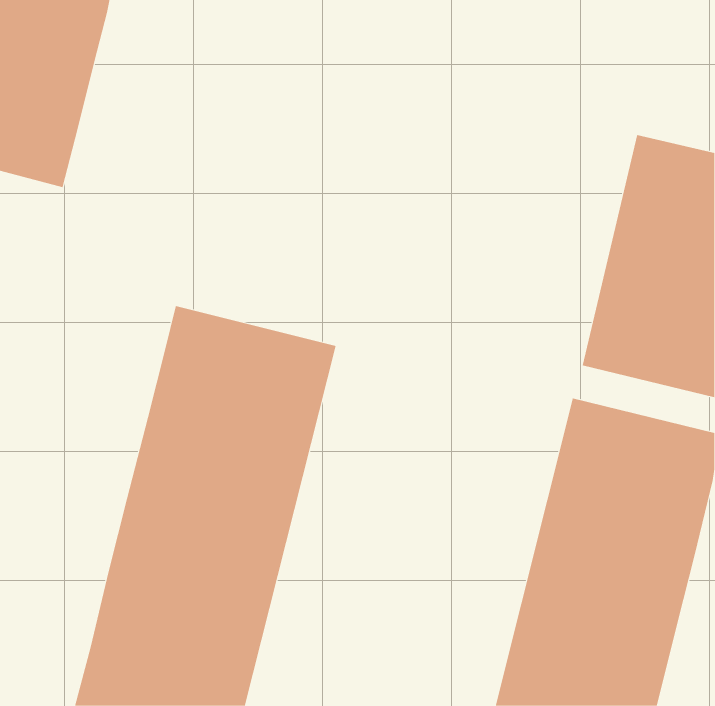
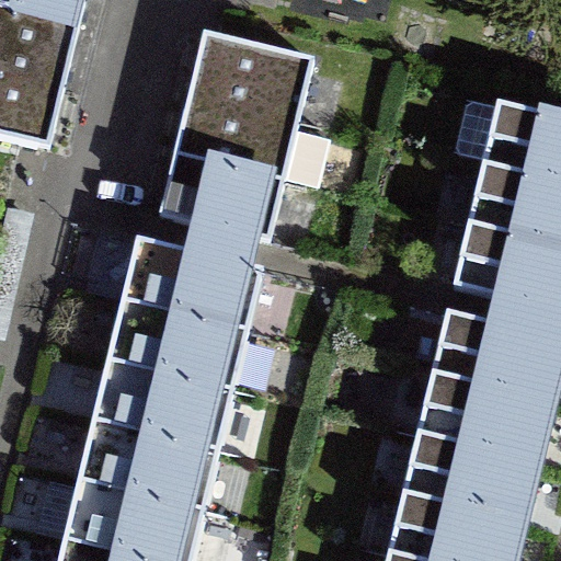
building: none -> [161,33,331,234]

